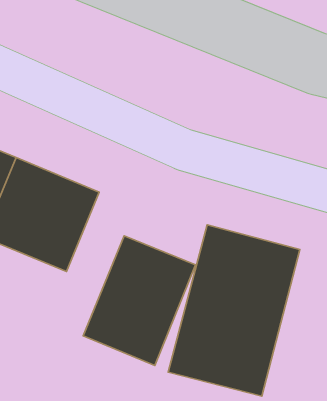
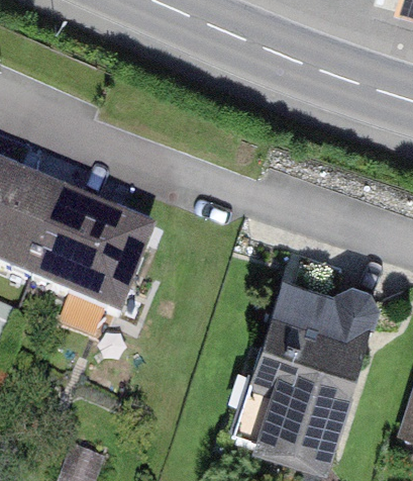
building: [83,236,196,365] -> none

